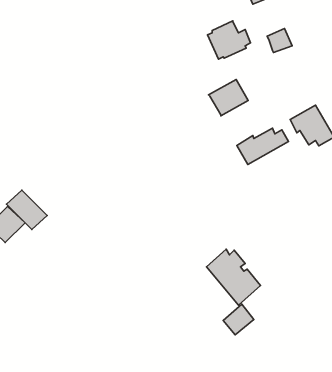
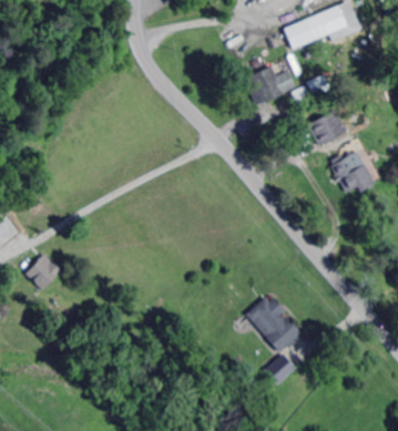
building: [209,80,248,116] -> [306,110,346,146]
building: [237,128,289,164] -> none
building: [6,190,47,229] -> none

